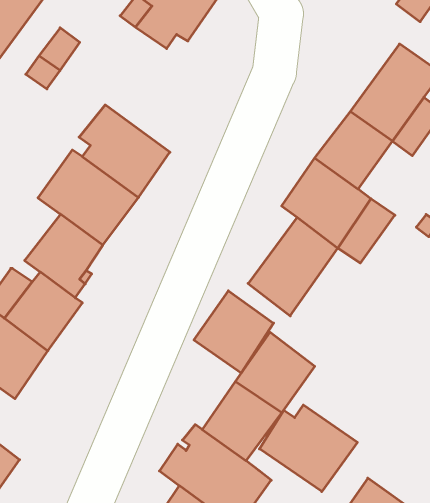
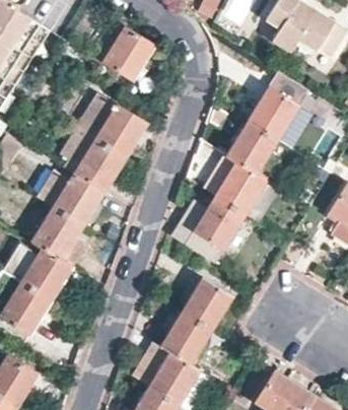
building: none -> [78,94,145,157]
building: [194,291,274,373] -> none
building: [259,405,357,492] -> none

